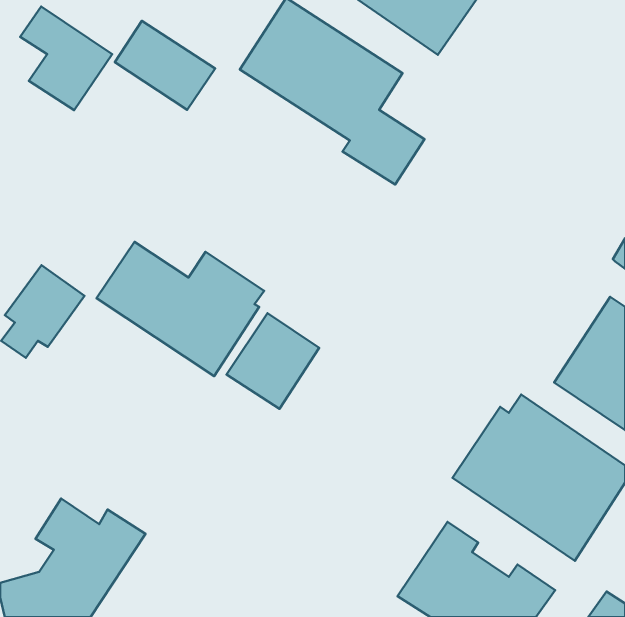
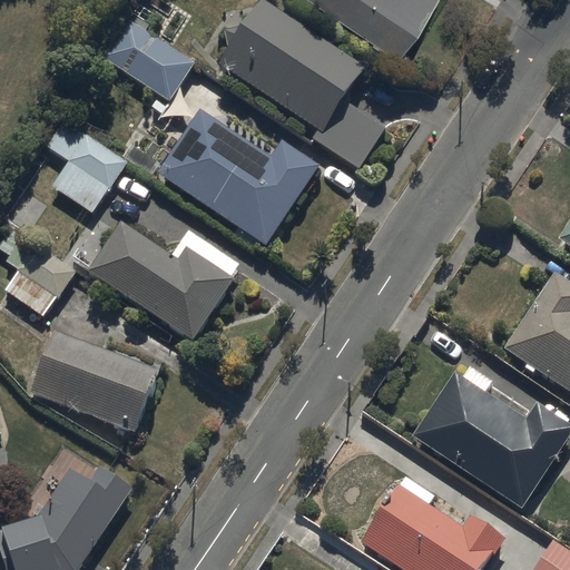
building: [20,6,112,110] -> [43,117,127,212]
building: none -> [158,108,322,247]
building: [226,313,319,409] -> none
building: none -> [30,330,157,434]

